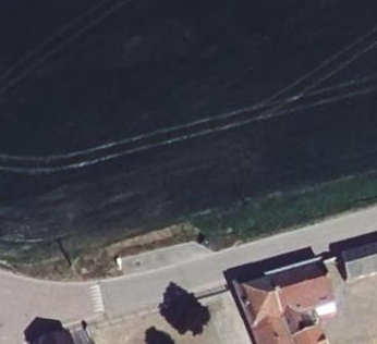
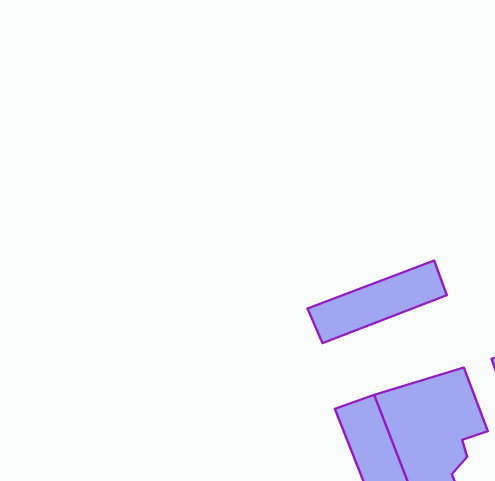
building: none -> [308,260,447,343]

